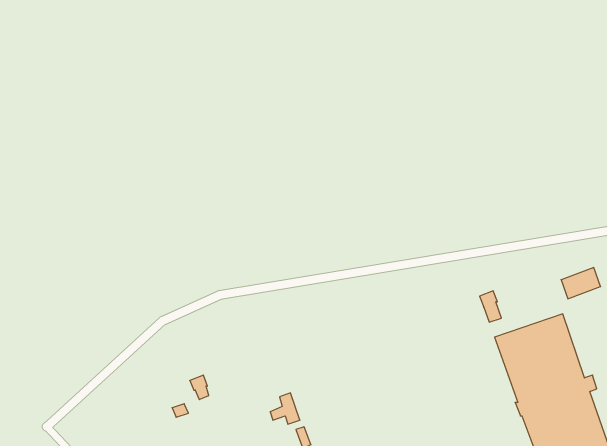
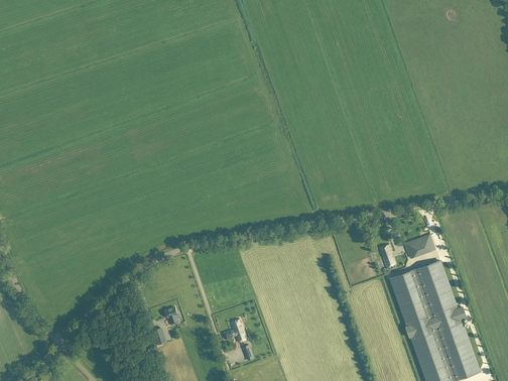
building: [561,267,601,299] -> [405,235,434,258]

